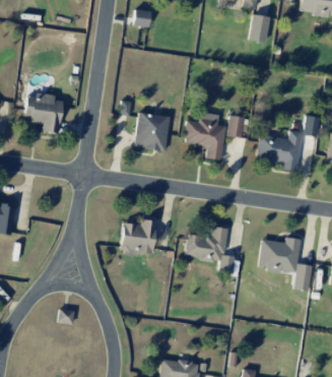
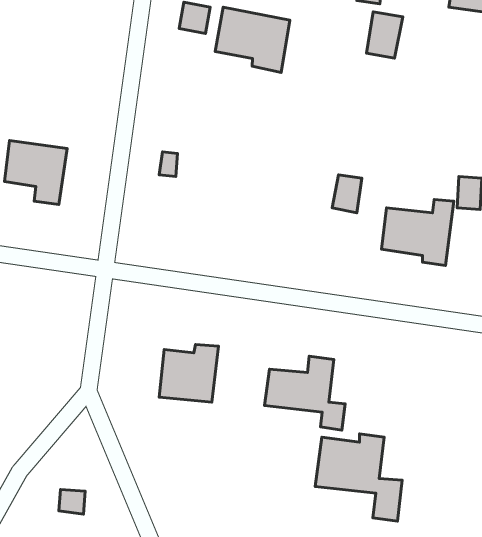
building: none -> [215,7,290,72]
building: [136,114,169,150] -> none
building: [185,120,224,160] -> none
building: [258,237,312,291] -> [315,434,402,521]

